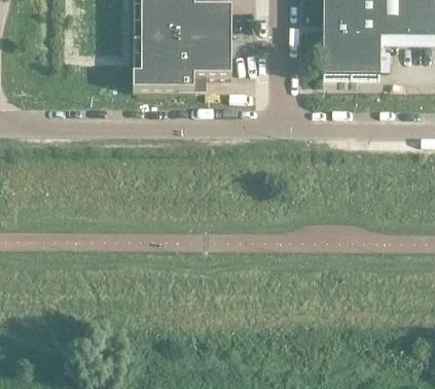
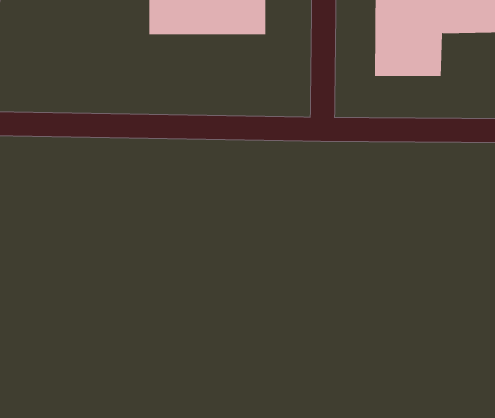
building: [133,37,232,87] -> none

